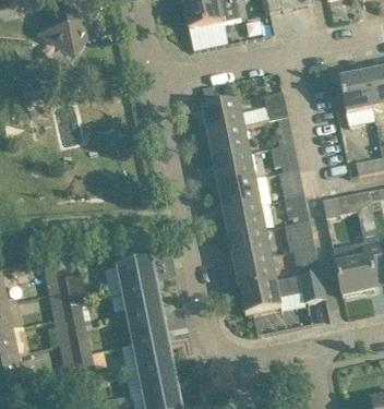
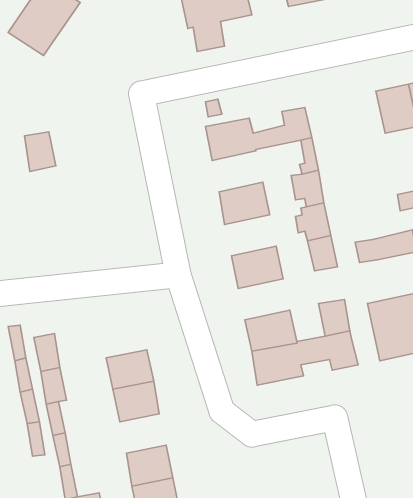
building: [208,127,249,159] -> none
building: [218,175,272,210] -> none
building: [285,219,314,250] -> none
building: [229,229,271,262] -> none
building: [118,260,156,292] -> none
building: [134,337,171,369] -> none

